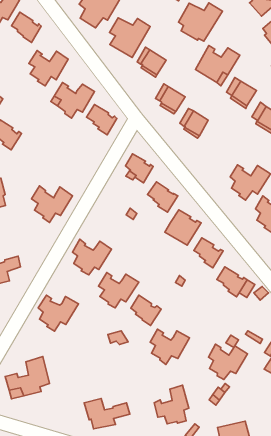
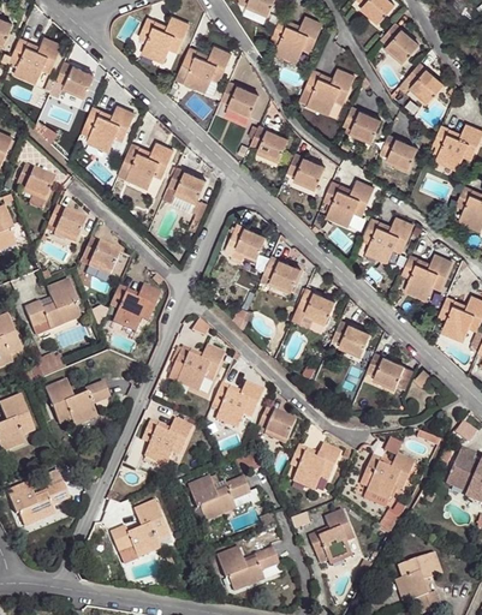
building: none -> [328,183,376,229]
building: none -> [82,237,121,274]
building: none -> [186,478,246,520]

